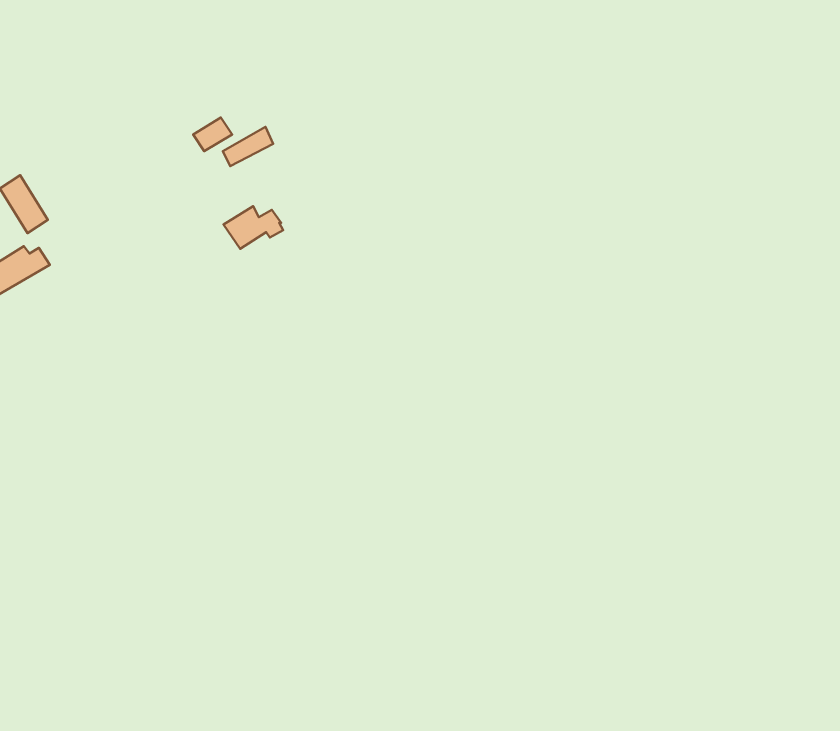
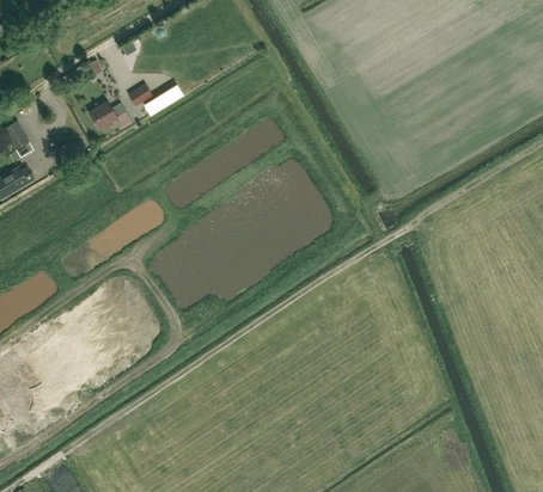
building: [223,206,283,249] -> [87,102,126,129]

